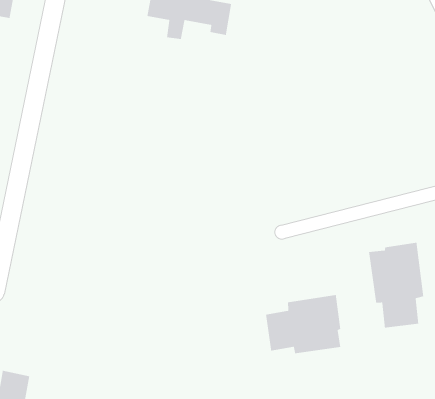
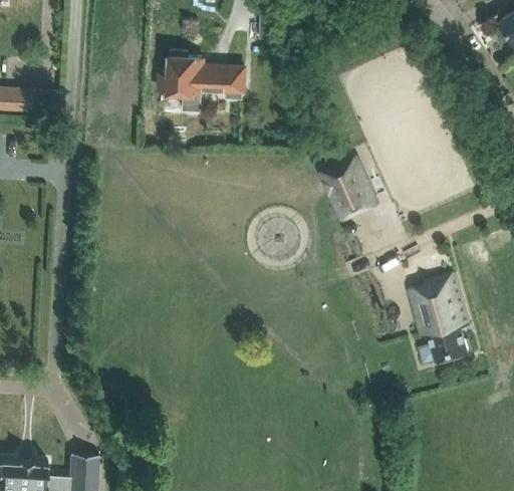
building: none -> [319,158,377,221]
building: [265,294,341,354] -> none

